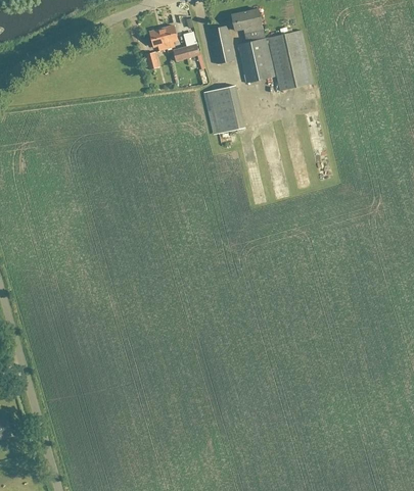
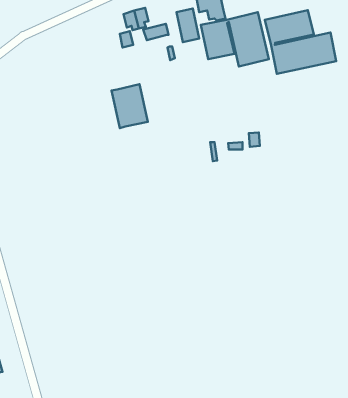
building: none -> [265,10,336,74]
building: [202,85,243,135] -> [112,84,148,128]

